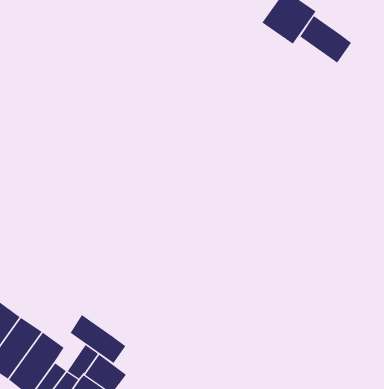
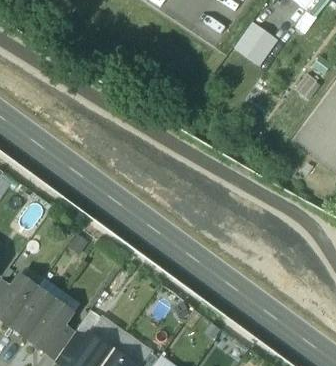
building: [300,15,352,63] -> none
building: [70,314,126,364] -> none

